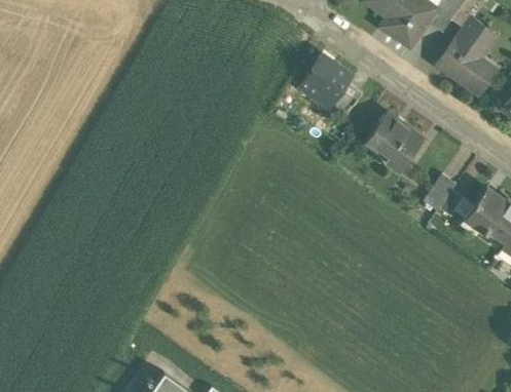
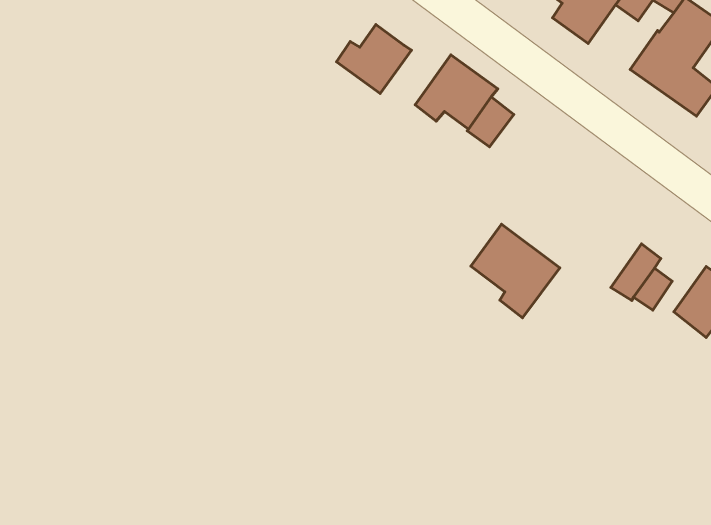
building: none -> [337,24,411,94]
building: [366,112,423,171] -> [471,224,560,318]

